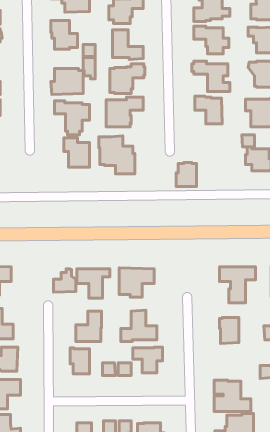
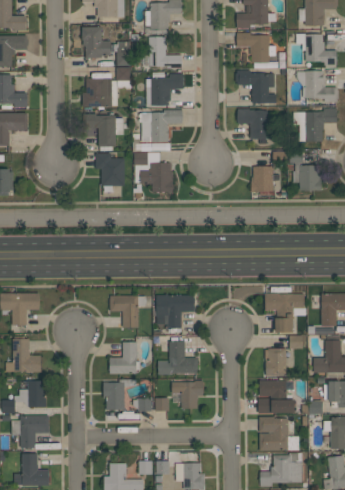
building: [176,163,197,187] -> [251,166,273,192]
building: [53,269,76,292] -> none
building: none -> [258,381,295,414]

